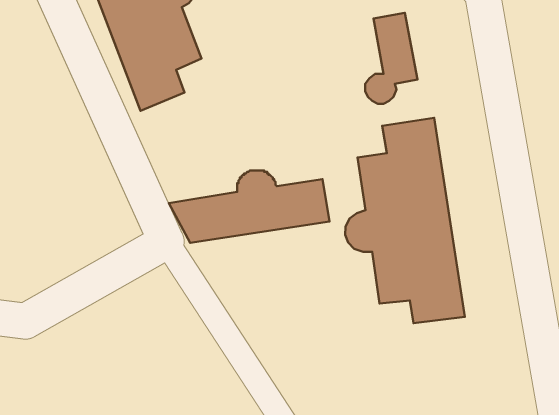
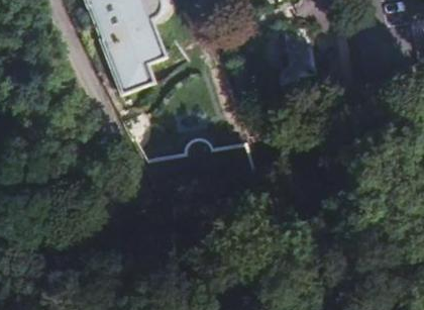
building: [345,118,465,323] -> none

